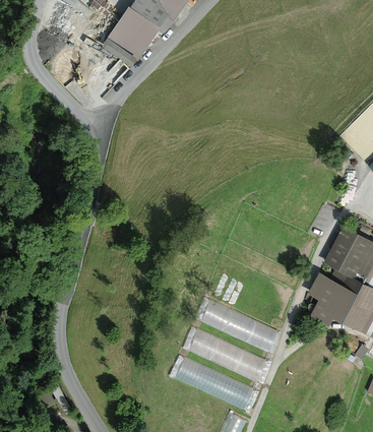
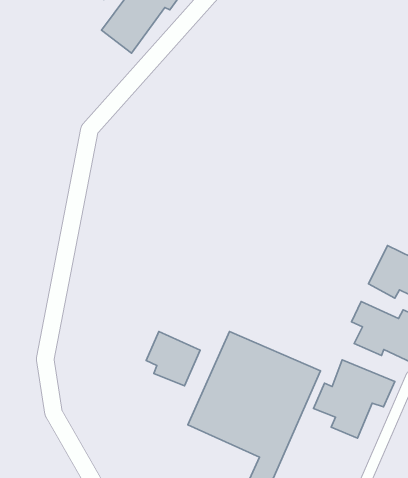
building: none -> [146,332,200,386]
building: none -> [313,360,395,438]

